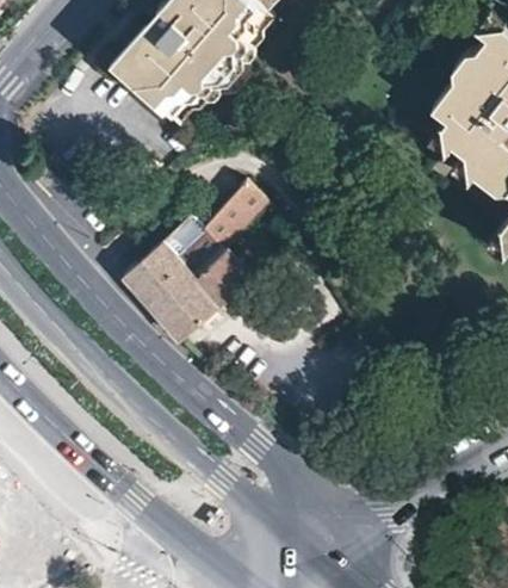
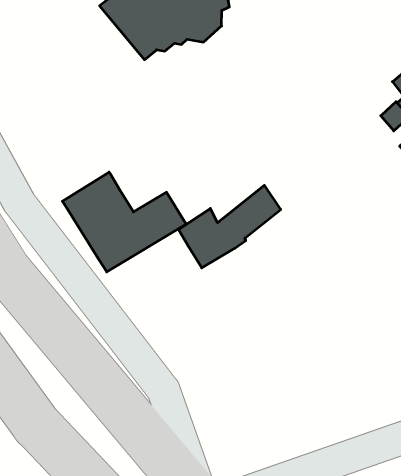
building: [163,186,262,279] -> [178,185,281,268]

